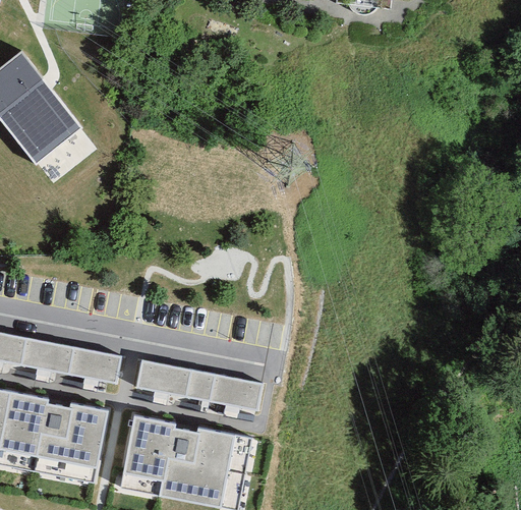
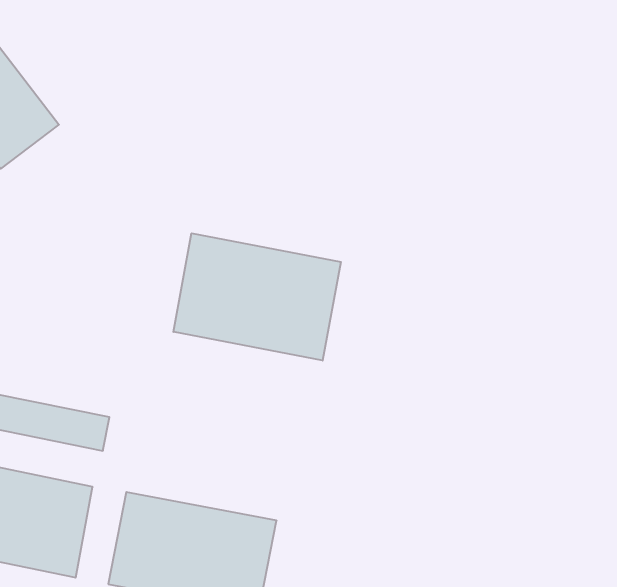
building: none -> [173,233,341,361]
building: [134,359,262,409] -> none

